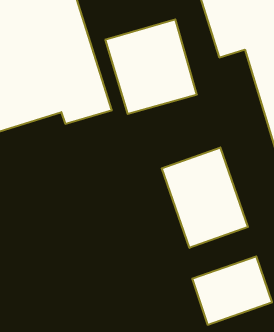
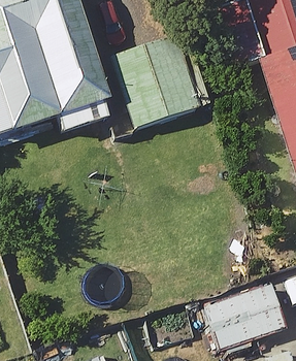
building: [162,147,248,248] -> none

